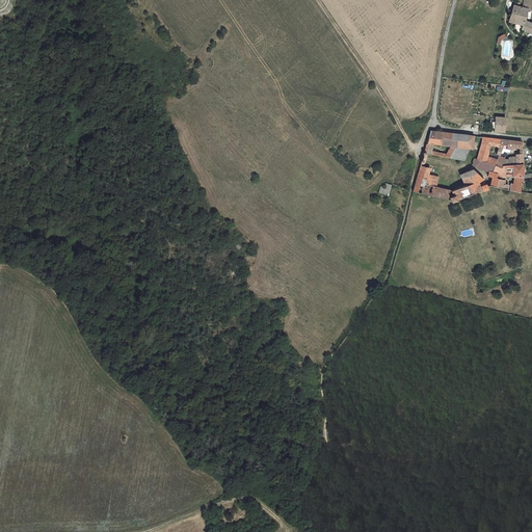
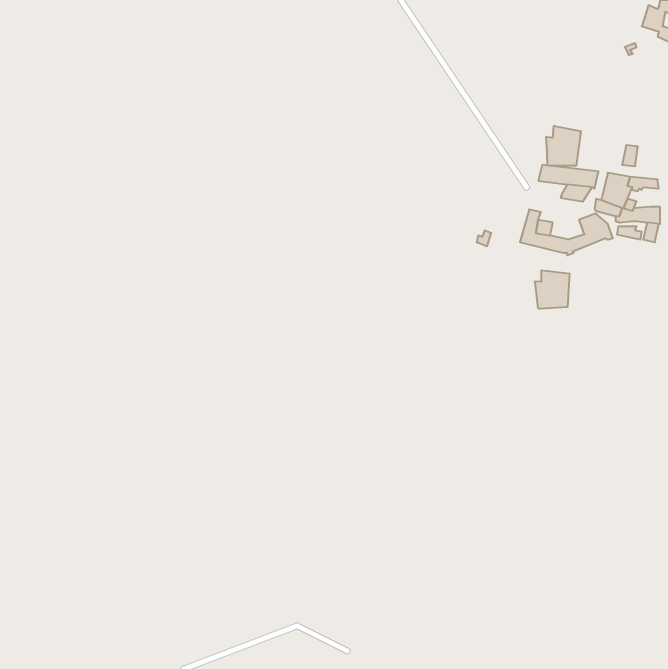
building: none -> [546,126,581,166]
building: none -> [535,270,569,309]

